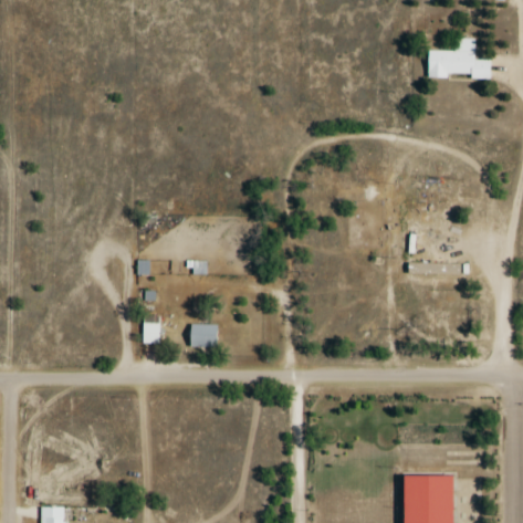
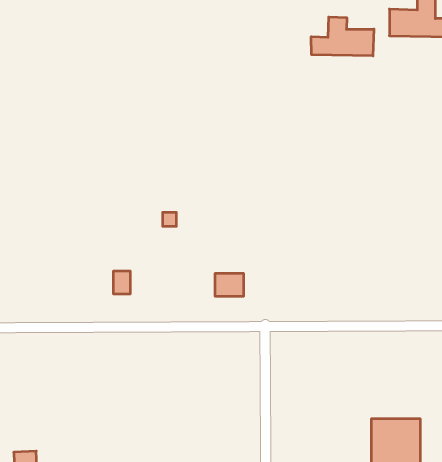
building: none -> [311,17,374,56]
building: [188,324,218,347] -> [215,274,244,296]

